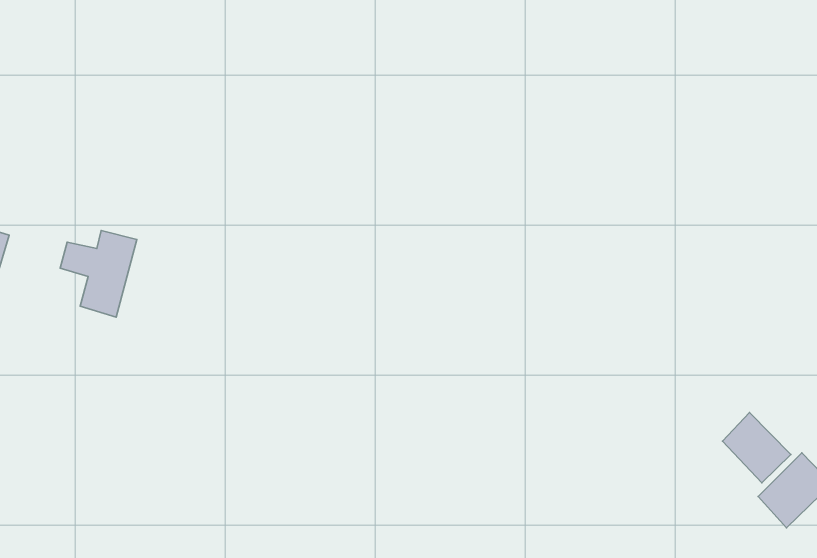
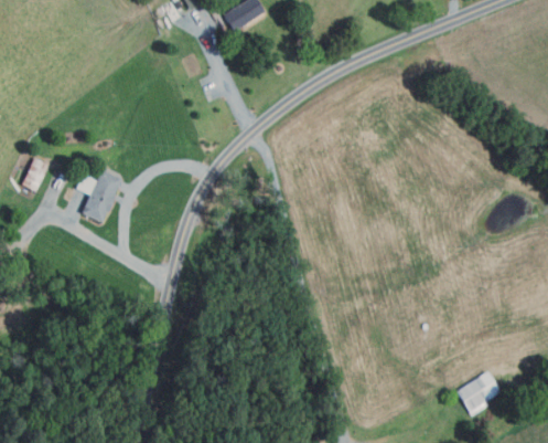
building: [722,413,791,483] -> none

